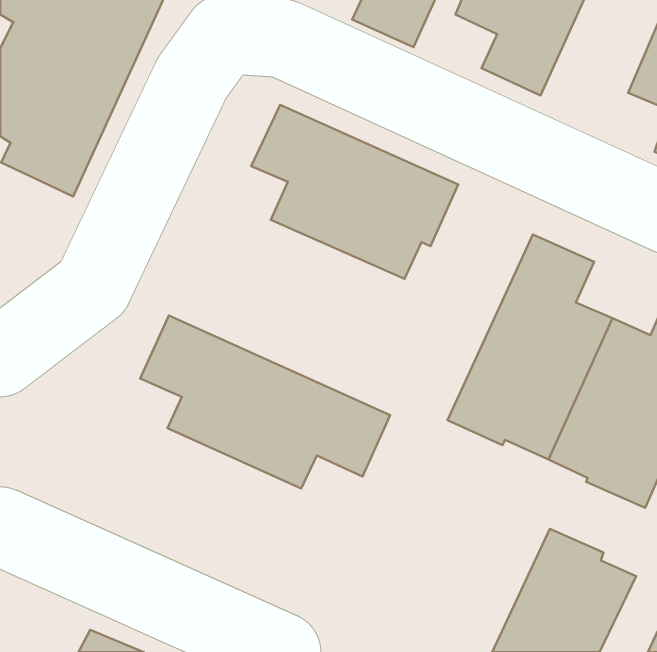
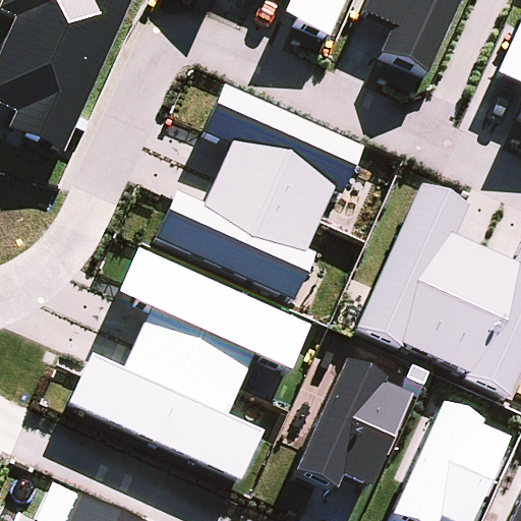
building: none -> [158,171,324,296]
building: none -> [69,333,265,479]
building: none -> [290,367,406,499]

